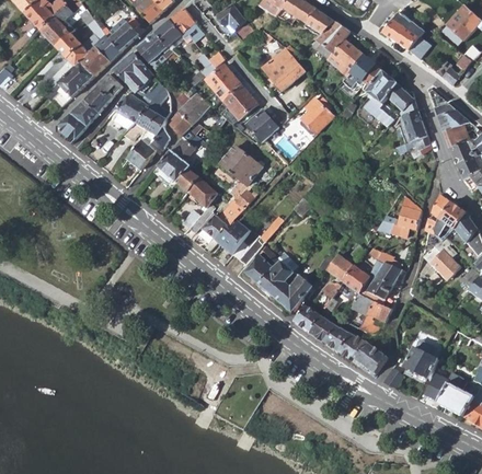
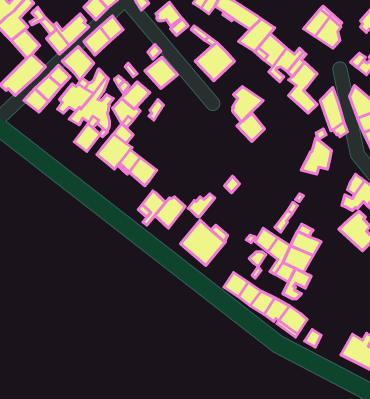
building: [170,8,204,42] -> none
building: [80,44,111,76] -> none
building: [387,77,415,113] -> none
building: [223,84,257,118] -> none
building: [246,109,277,141] -> [237,113,265,142]
building: [59,113,88,143] -> none
building: [221,144,262,184] -> none
building: [218,190,253,227] -> none
building: [388,196,422,236] -> [301,138,332,174]
building: [232,235,264,266] -> none
building: [274,276,312,312] -> none
building: [403,346,438,378] -> none

